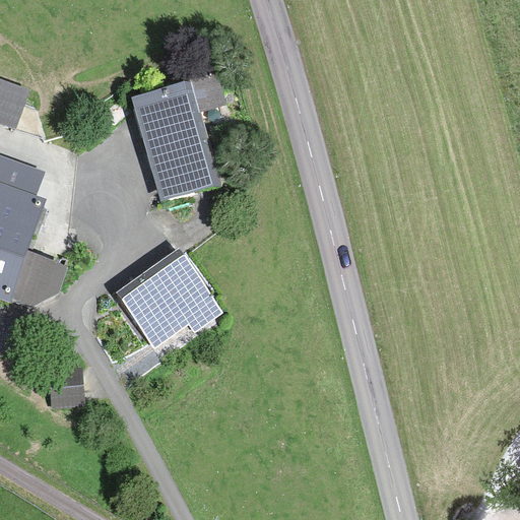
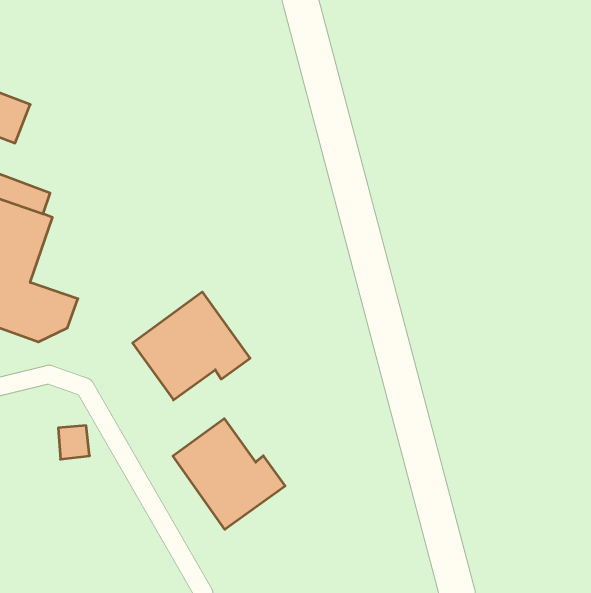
building: [133,68,219,208] -> none
building: none -> [173,419,285,529]

